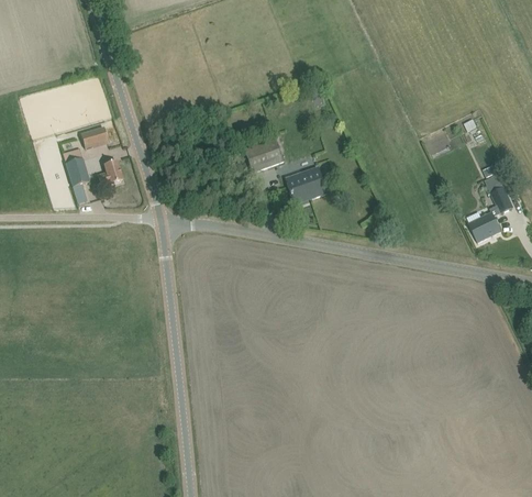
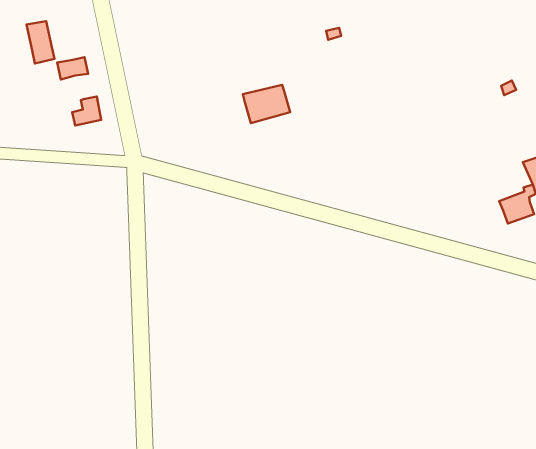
building: [63,148,89,186] -> [27,21,55,64]
building: [286,166,325,200] -> none

